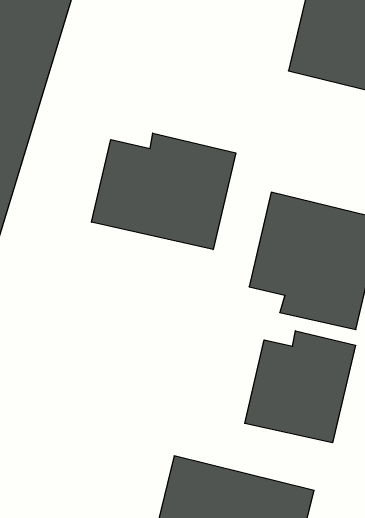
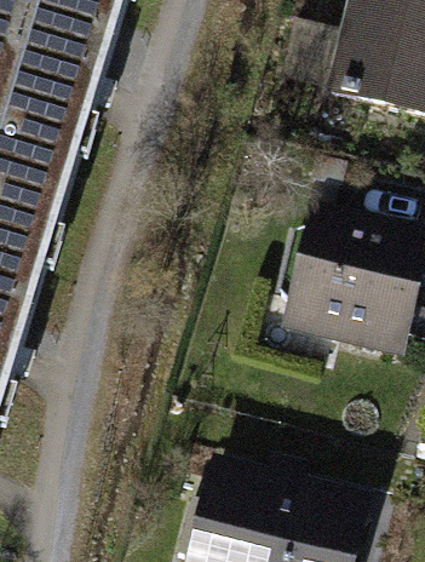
building: [92,133,236,250] -> none
building: [245,331,355,443] -> none

